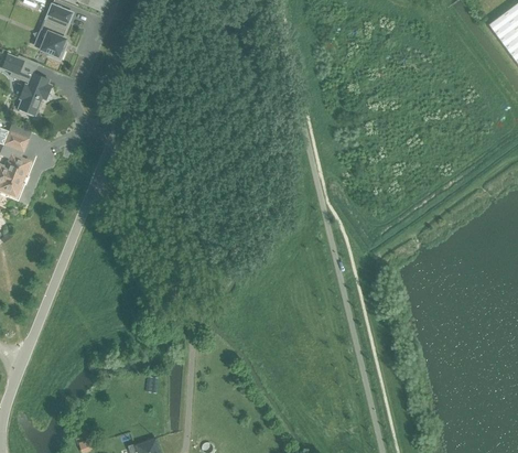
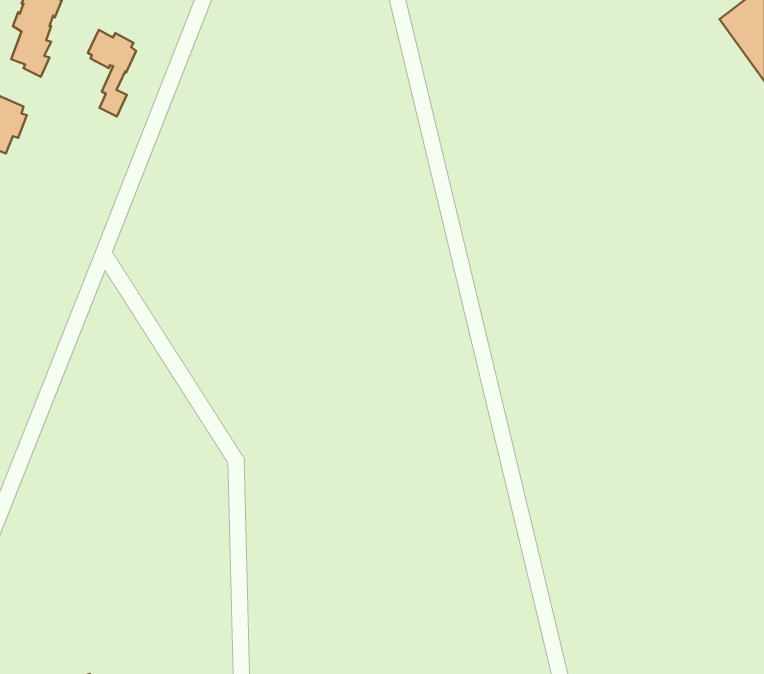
building: none -> [88,30,136,117]

